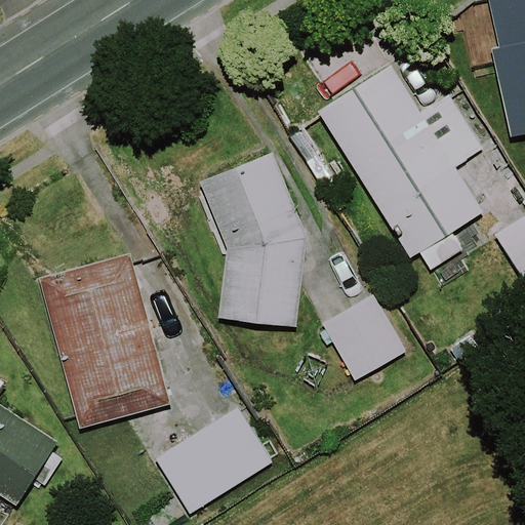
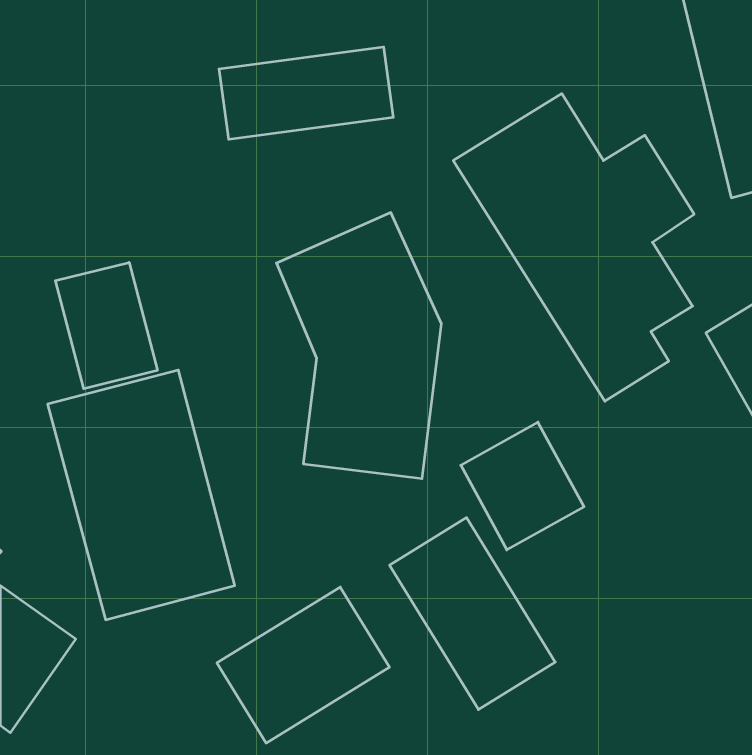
building: none -> [219,47,393,139]
building: none -> [55,262,157,389]
building: none -> [390,518,555,710]

